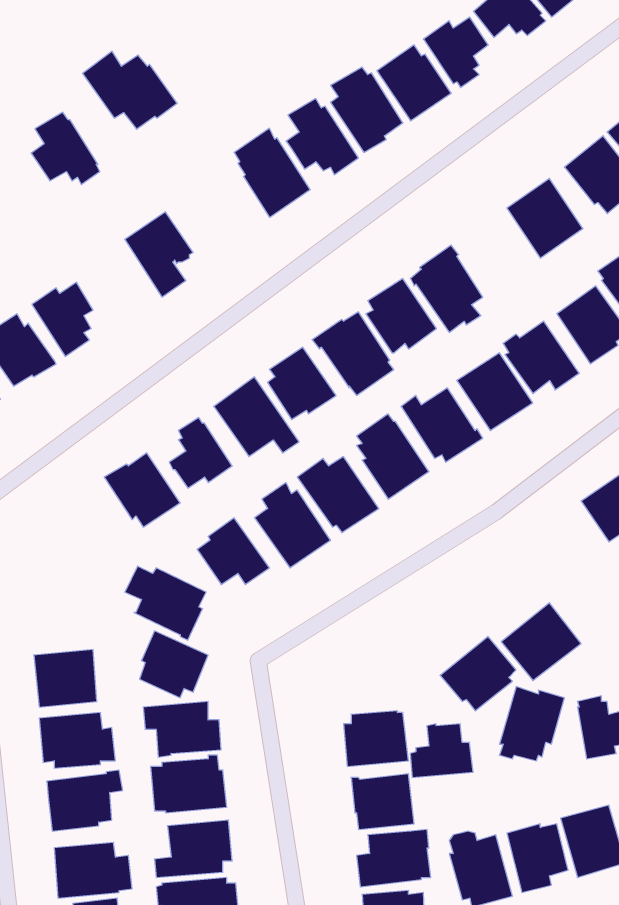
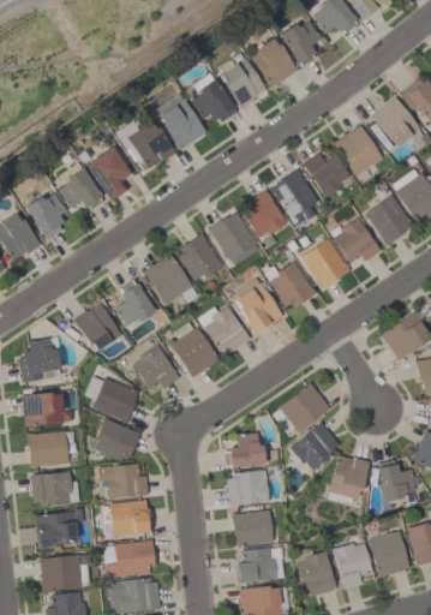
building: [83,51,177,129] -> [114,119,175,169]
building: [31,112,100,185] -> [58,163,102,210]
building: none -> [303,151,349,198]
building: none -> [18,339,60,383]
building: none -> [22,392,65,426]
building: [501,603,581,681] -> [279,382,330,432]
building: [410,724,473,778] -> [225,432,265,467]

